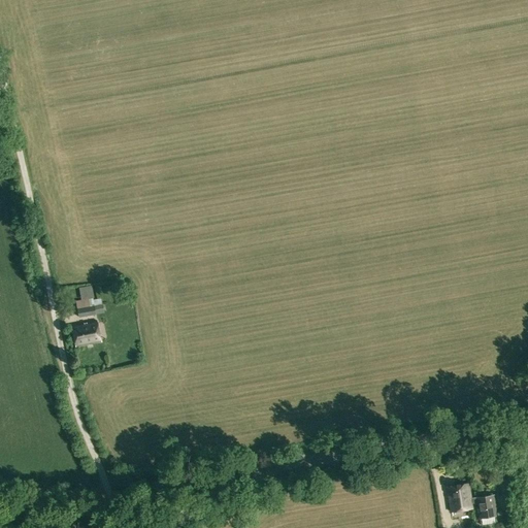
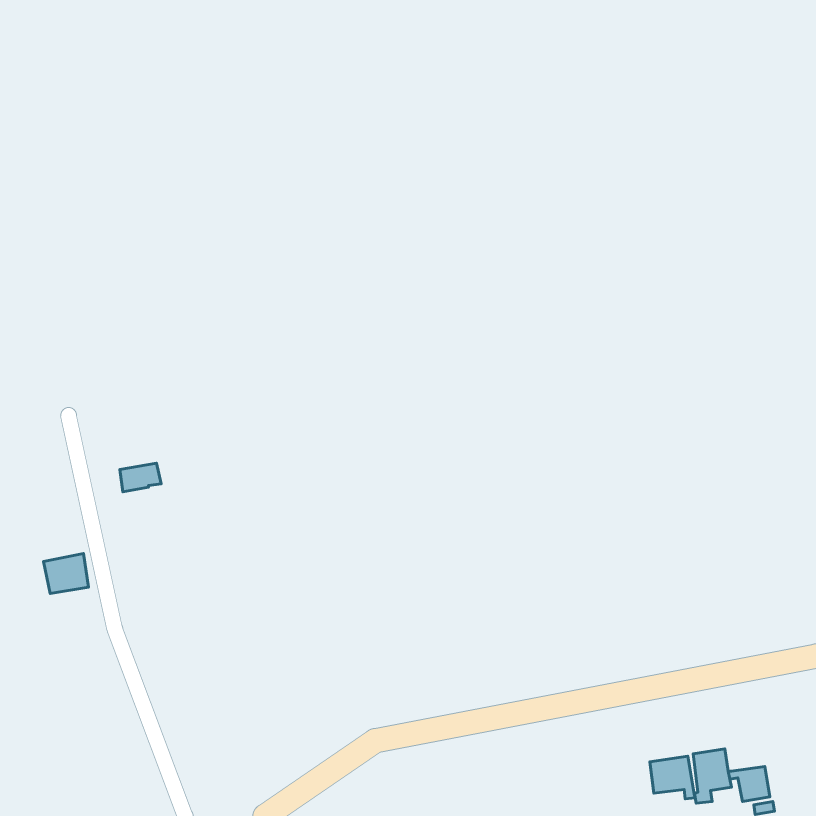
building: [72,321,101,346] -> [44,554,88,594]
building: none -> [650,756,695,799]

